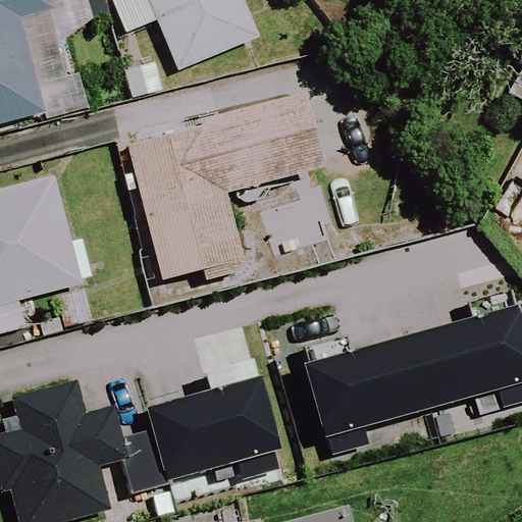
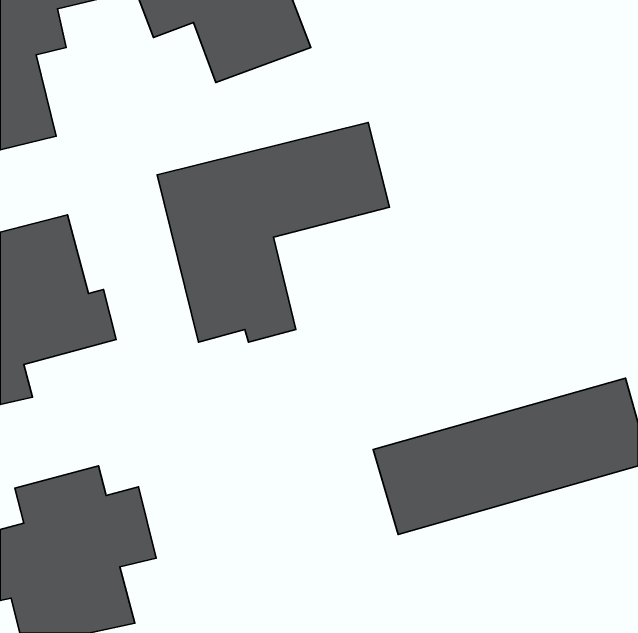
building: [146,380,278,480] -> none

